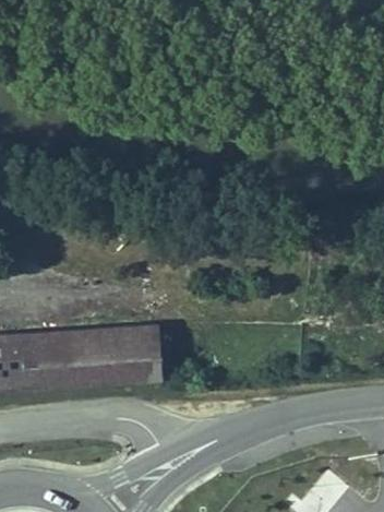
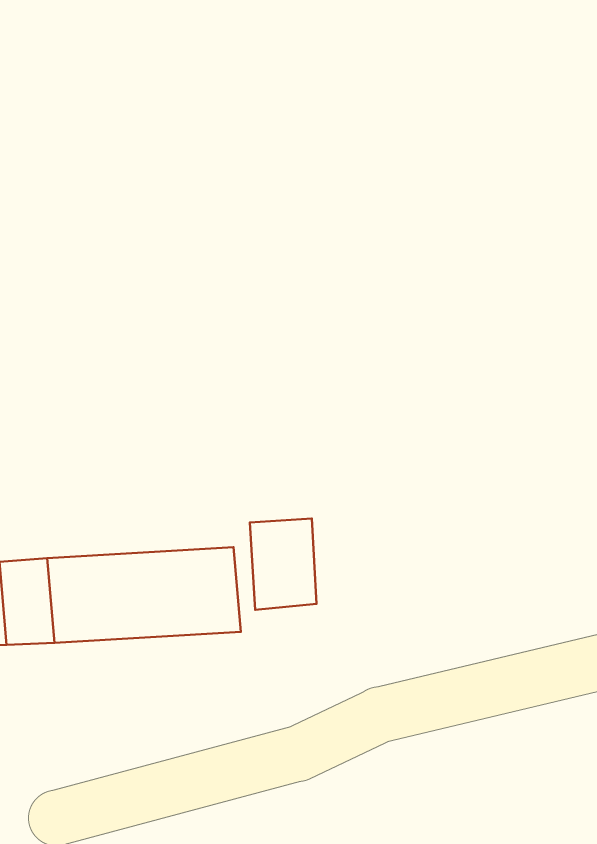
building: none -> [250,518,317,610]

